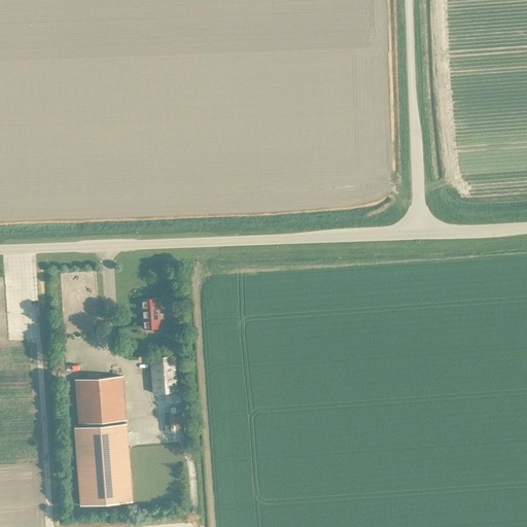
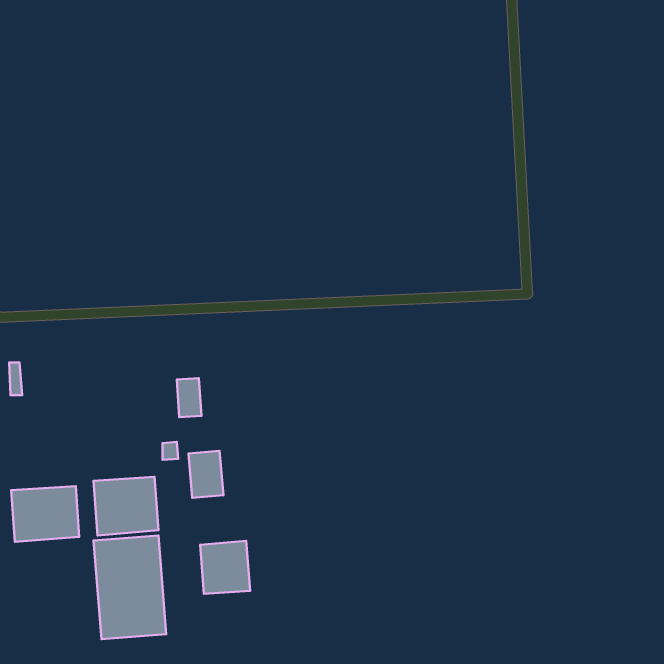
building: none -> [11,486,79,542]
building: none -> [200,541,250,594]

